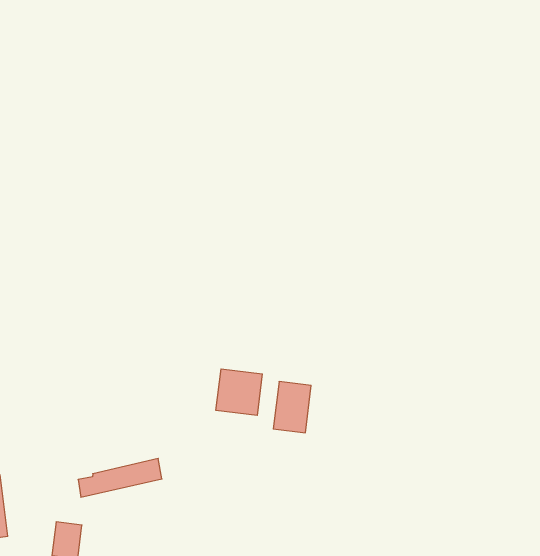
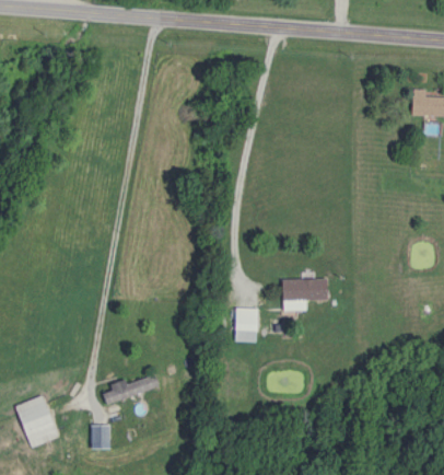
building: none -> [282,278,328,310]
building: [216,369,262,415] -> none

